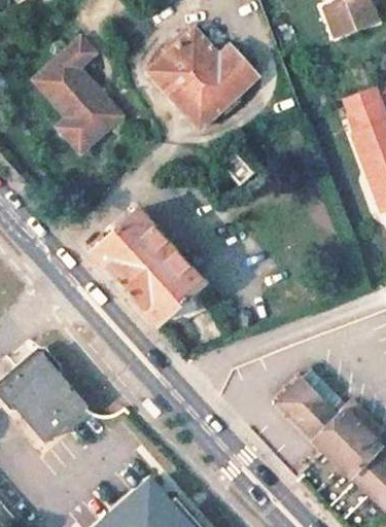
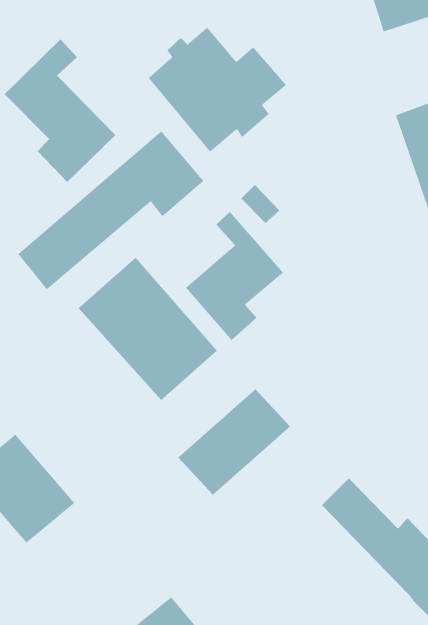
building: none -> [17,131,204,290]
building: none -> [185,211,284,341]
building: none -> [178,389,291,496]

